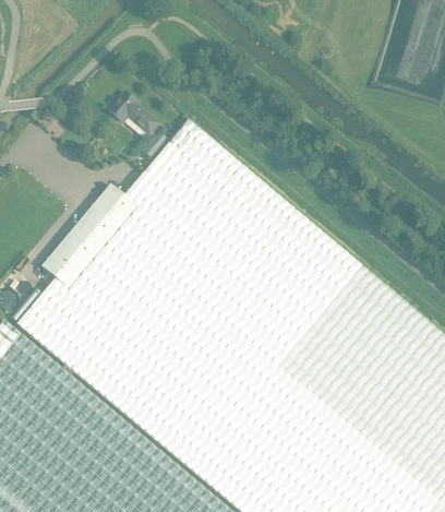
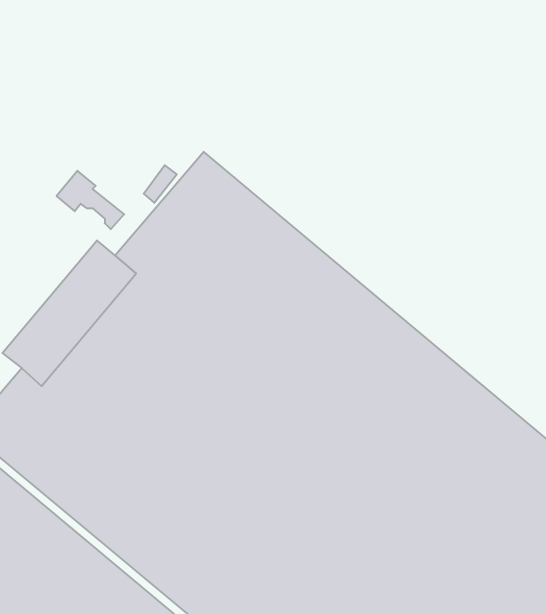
building: [109,95,158,138] -> [57,171,124,229]

